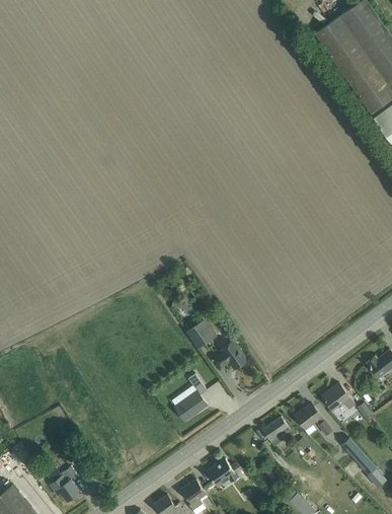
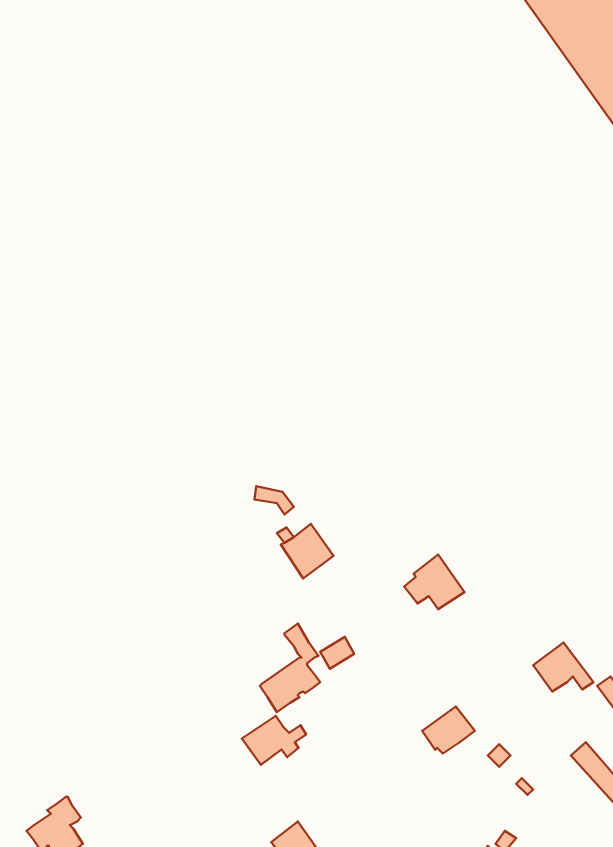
building: [216,340,248,369] -> [404,555,465,609]
building: [296,403,332,435] -> none
building: [208,459,242,486] -> [242,716,306,765]

